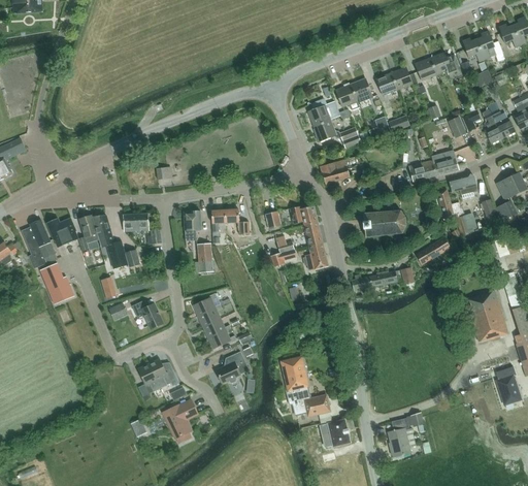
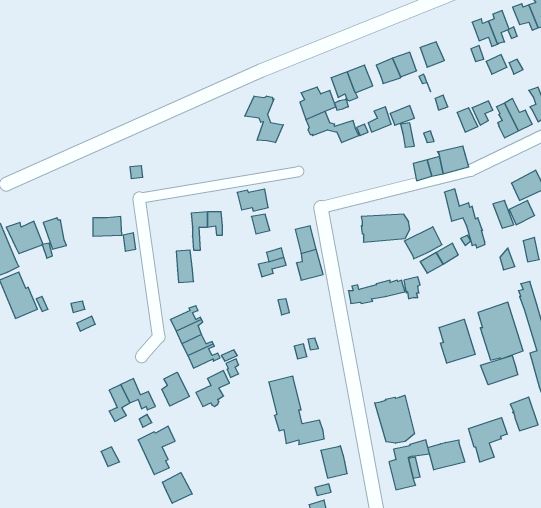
building: [430,52,462,78] -> none
building: none -> [245,96,283,143]
building: [321,159,351,184] -> none
building: [449,174,477,195] -> none
building: [290,205,318,225] -> [237,189,268,211]
building: [184,212,201,240] -> none
building: [95,216,140,268] -> none
building: none -> [404,227,442,259]
building: [132,299,164,329] -> none
building: none -> [439,319,475,363]
building: none -> [481,356,518,385]
building: none -> [162,372,189,406]
building: none -> [375,395,414,443]
building: none -> [468,418,507,462]
building: none -> [428,440,465,470]
building: none -> [162,473,192,503]

